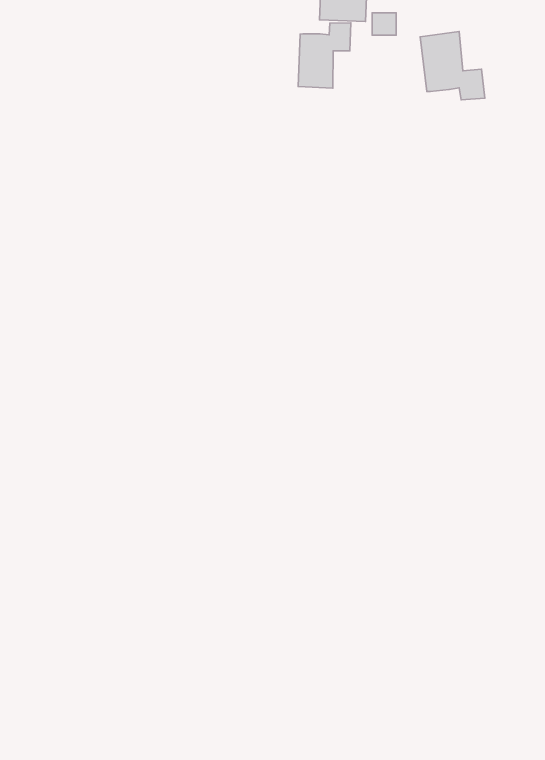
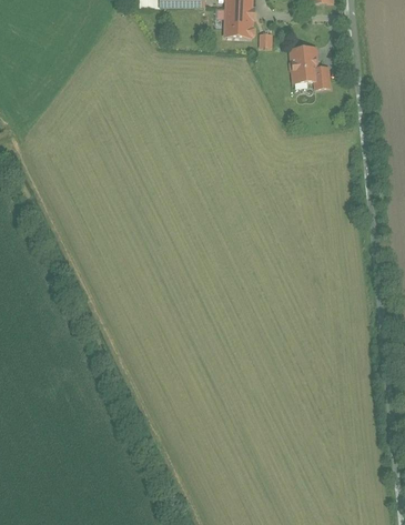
building: [298,23,351,88] -> none

